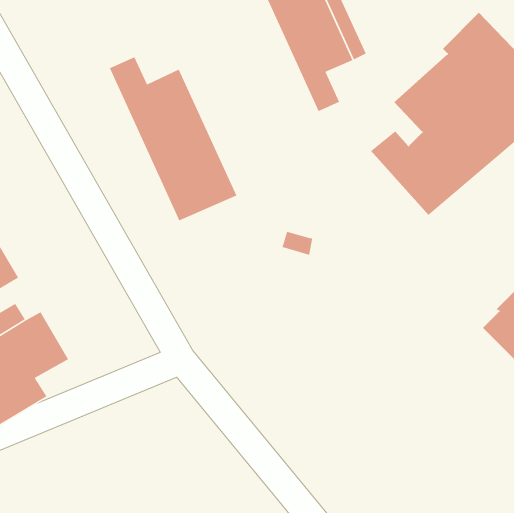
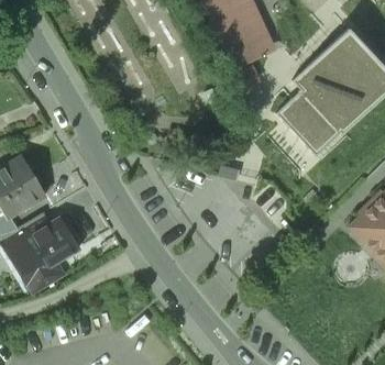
building: [109,56,238,221] -> none

